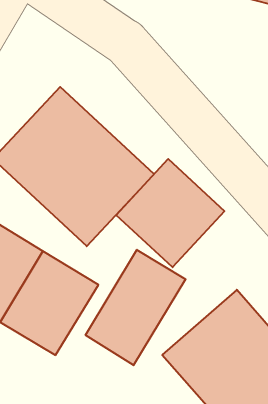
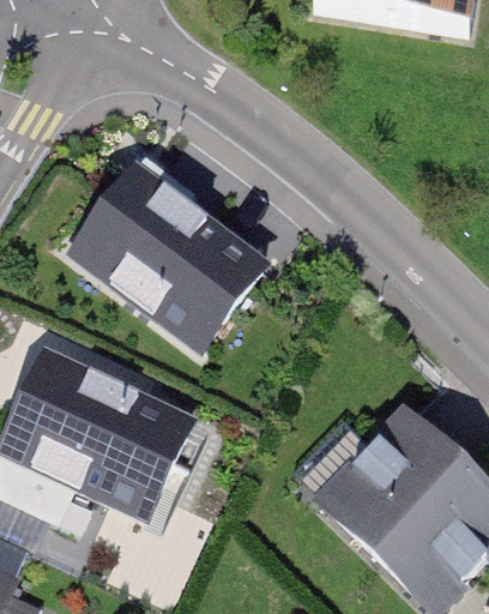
building: [116,159,224,267] -> none
building: [86,250,186,365] -> none

